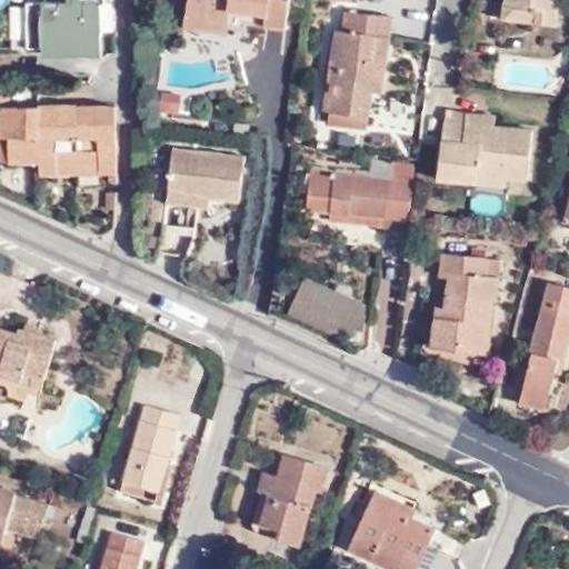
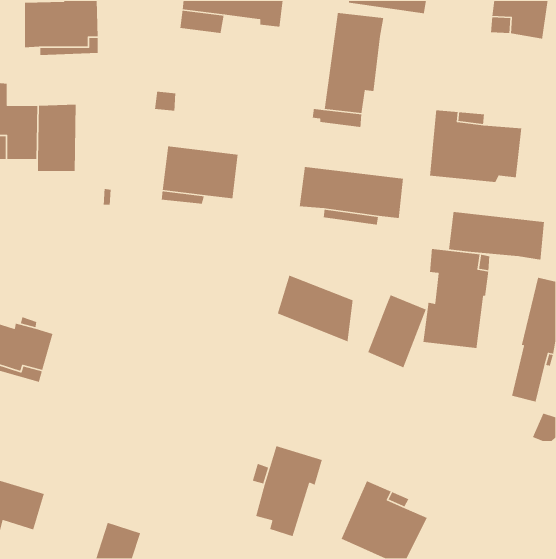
building: [77,106,114,174] -> none
building: none -> [448,211,545,260]
building: none -> [367,294,427,369]
building: [120,405,178,491] -> none

